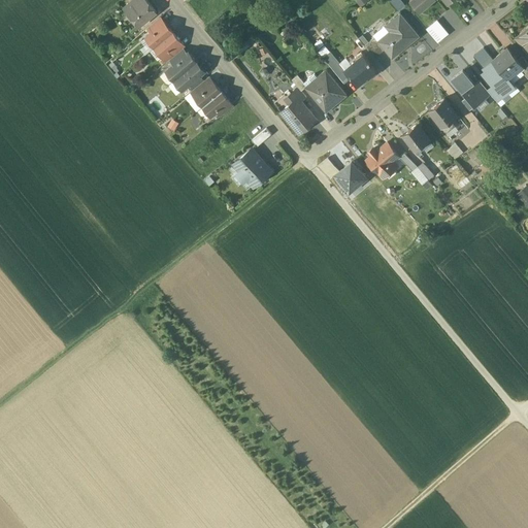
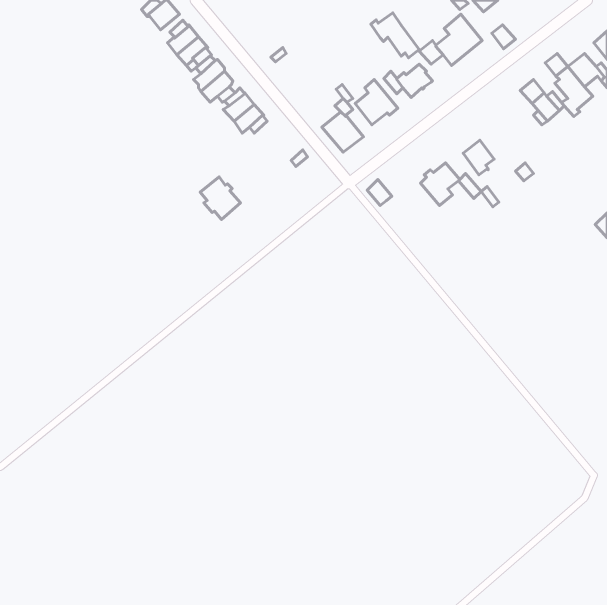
building: none -> [371,13,419,58]
building: [428,99,457,132] -> none
building: [235,150,270,187] -> [200,177,241,220]
building: [335,162,366,194] -> none

